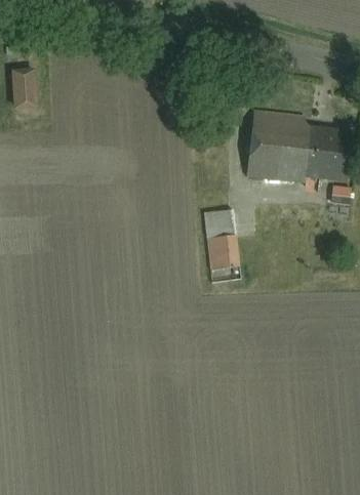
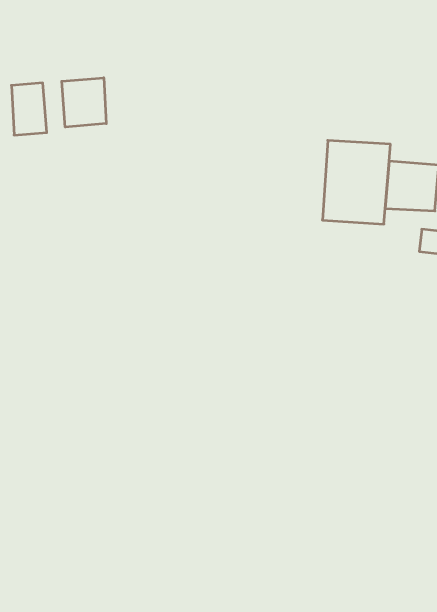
building: none -> [62,78,106,127]
building: [206,208,238,267] -> none

